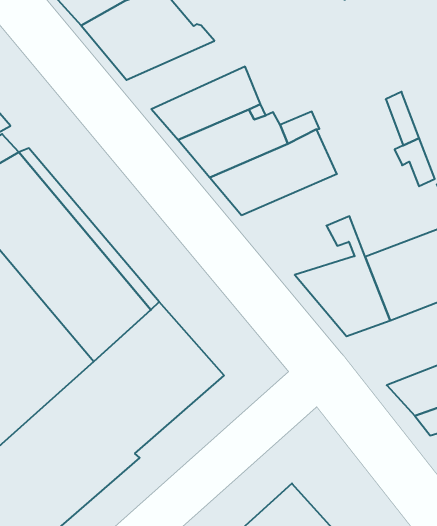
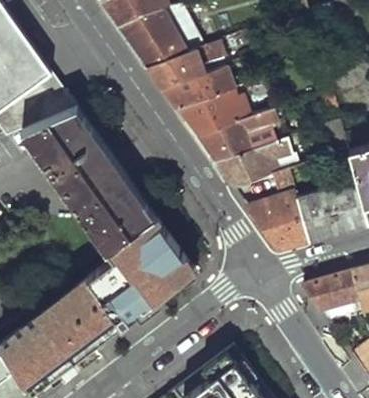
building: none -> [146,43,226,88]
building: none -> [215,139,298,189]

